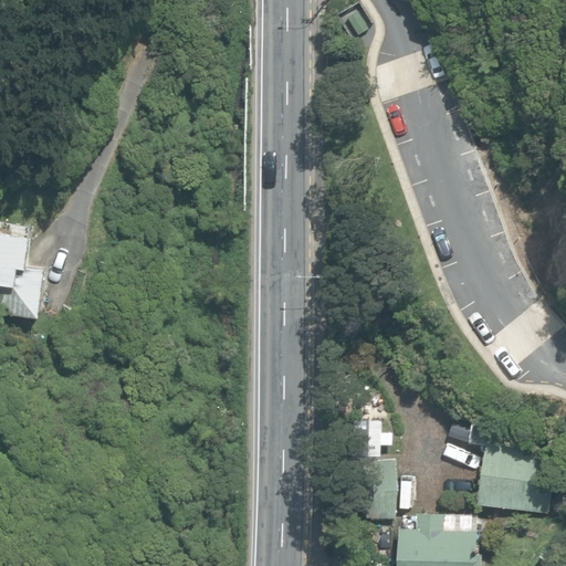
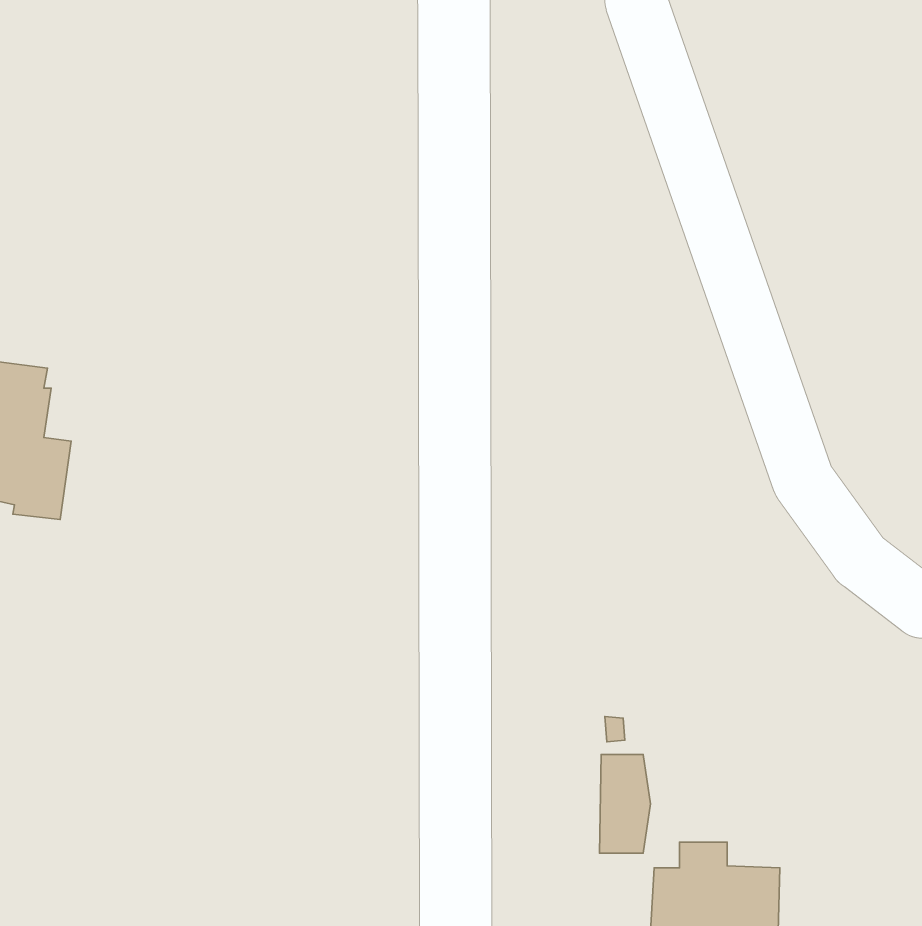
building: [474,444,554,514] -> none

